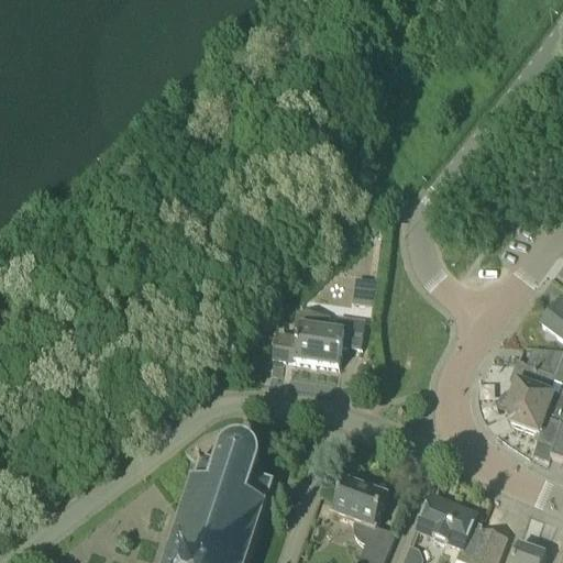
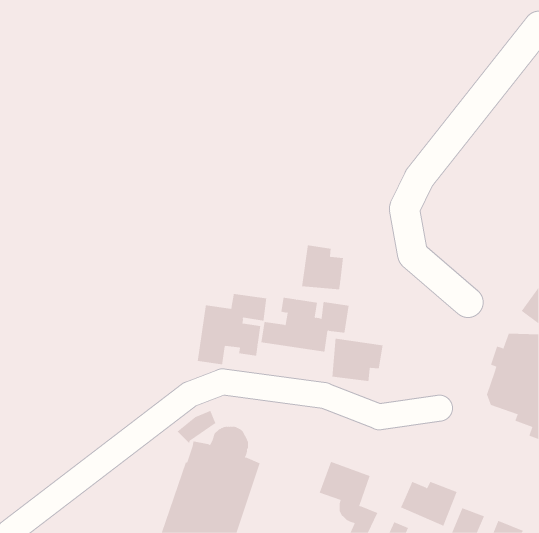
building: none -> [301,244,344,290]
building: none -> [197,293,267,365]
building: none -> [332,338,383,382]

